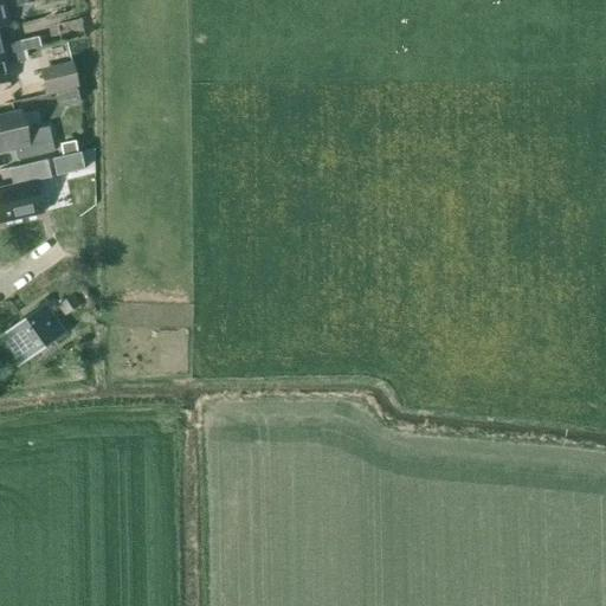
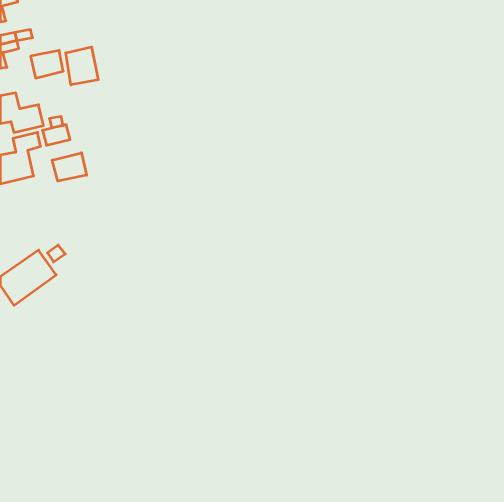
building: none -> [66,47,98,85]
building: none -> [52,153,87,181]

